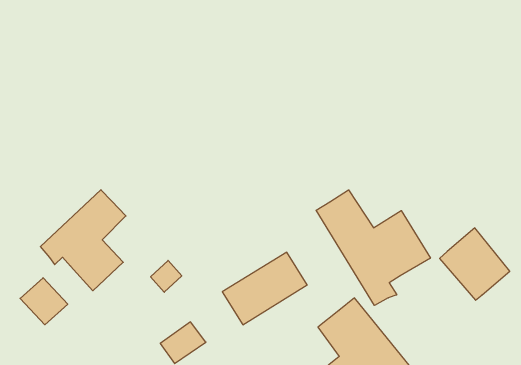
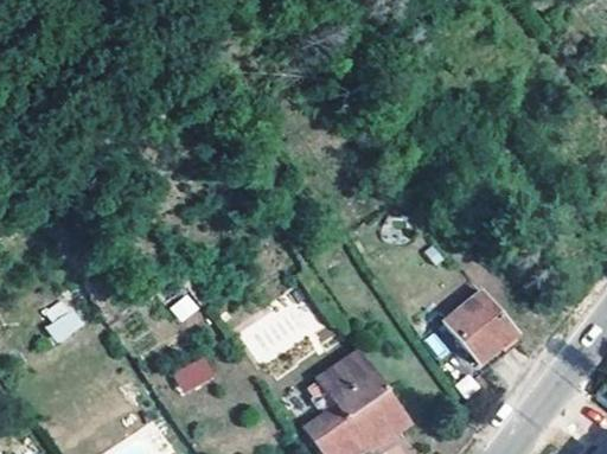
building: [40,190,126,291] -> none
building: [316,190,430,305] -> none

